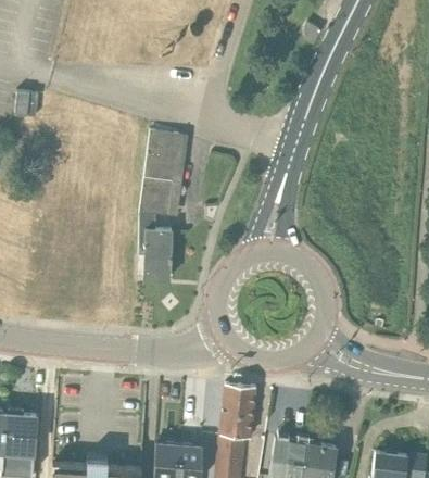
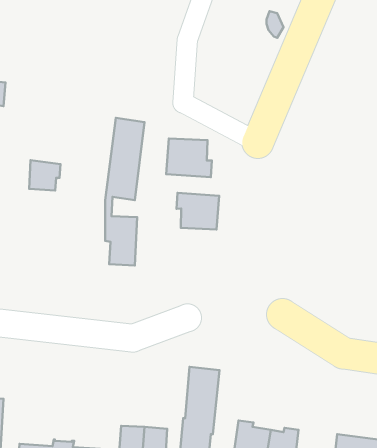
building: none -> [166,138,212,177]
building: none -> [29,160,61,191]
building: none -> [176,193,219,229]

